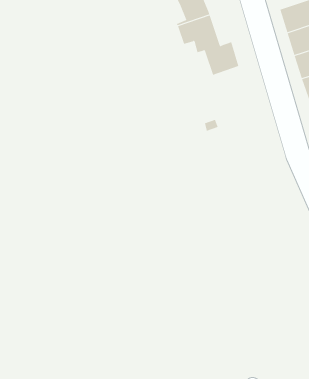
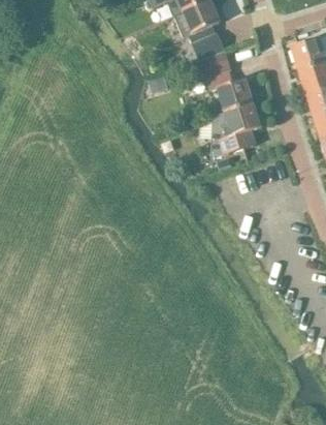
building: none -> [210,103,258,153]

